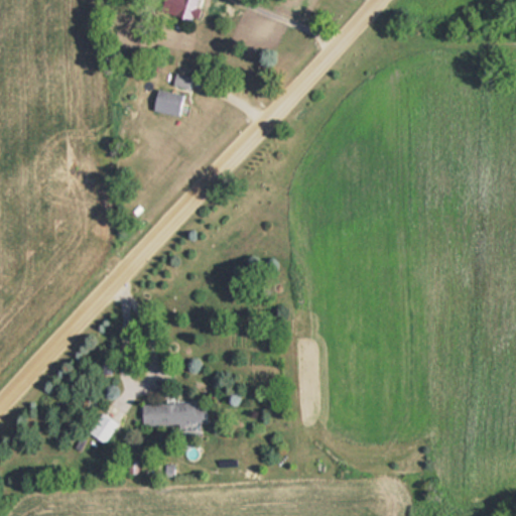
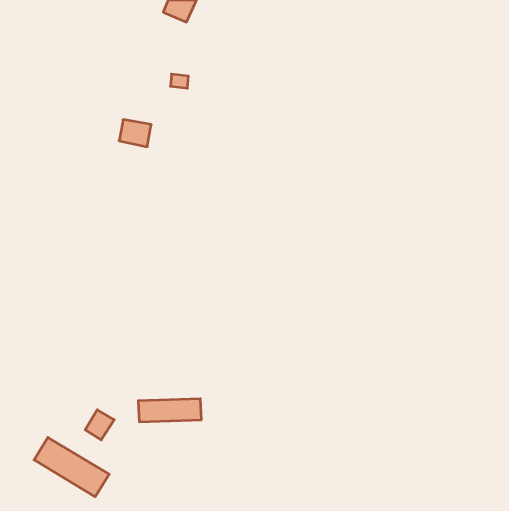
building: [152,91,184,118] -> [119,120,151,147]
building: none -> [34,437,109,497]

